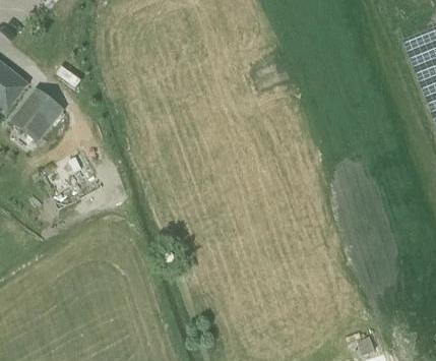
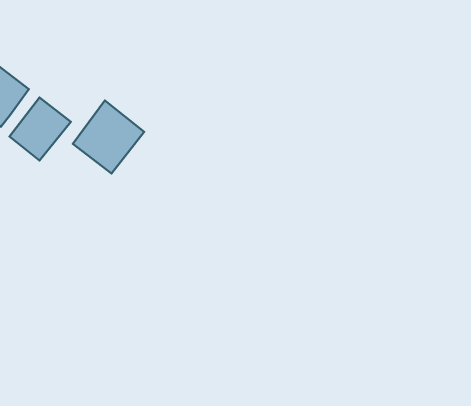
building: none -> [73,101,144,174]

